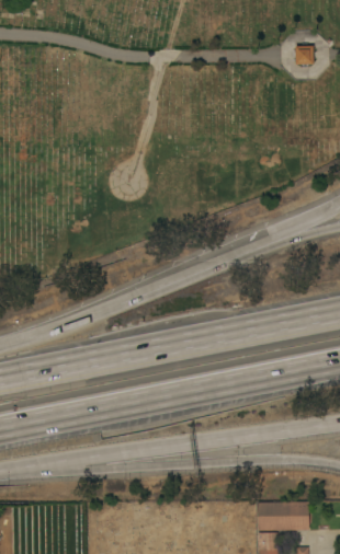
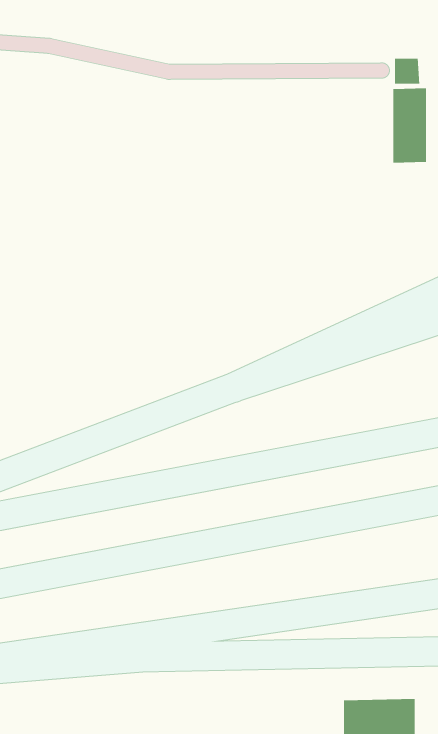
building: none -> [393,88,426,163]

